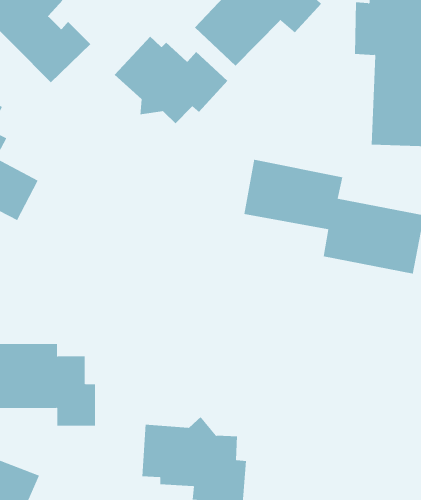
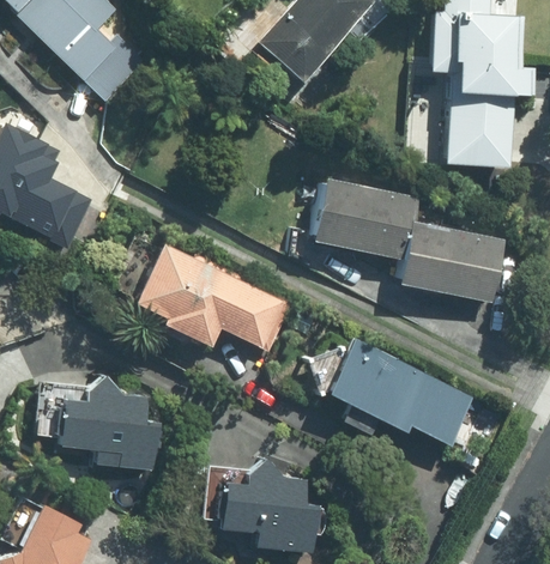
building: [114,36,228,124] -> none
building: none -> [108,234,296,357]
building: none -> [325,339,478,447]

